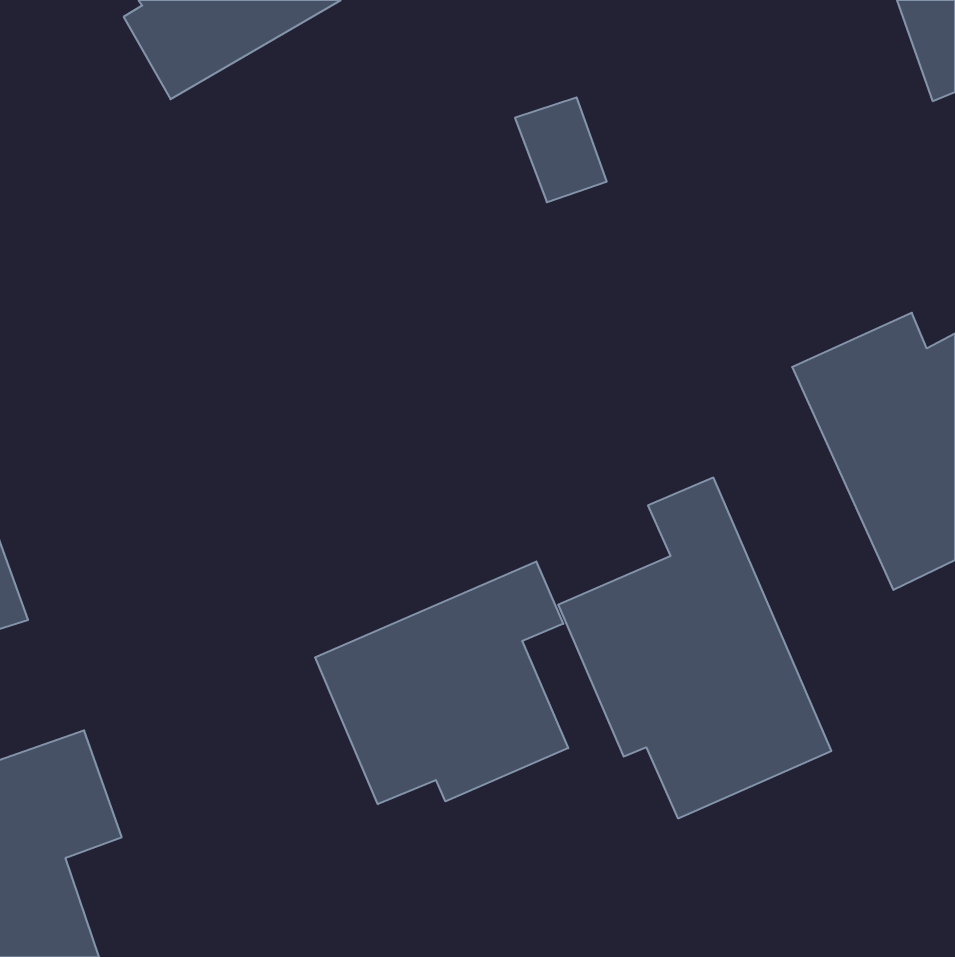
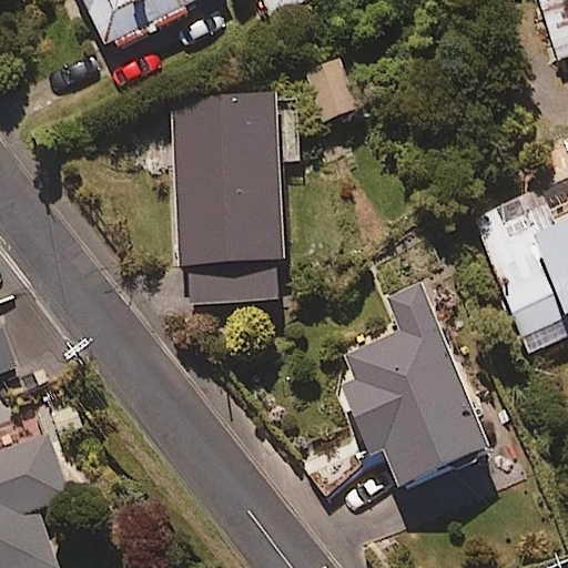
building: none -> [170,92,286,301]
building: [315,561,568,804] -> none

